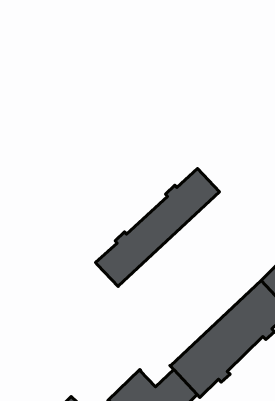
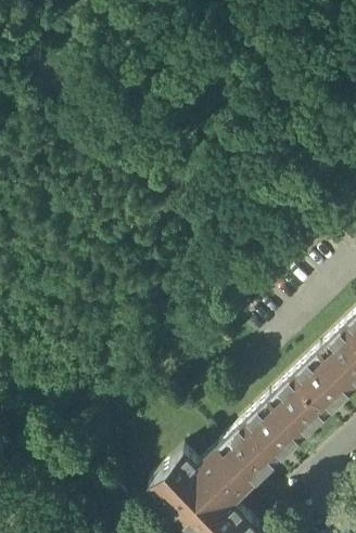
building: [96,168,220,287] -> none

